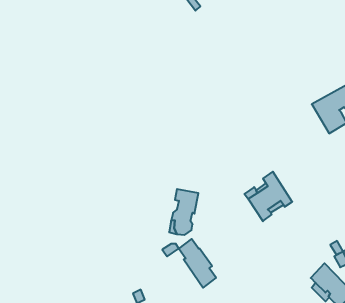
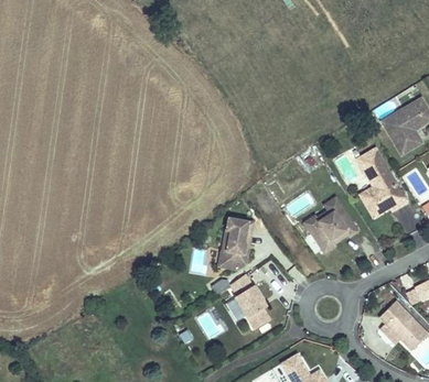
building: none -> [357,148,407,217]

